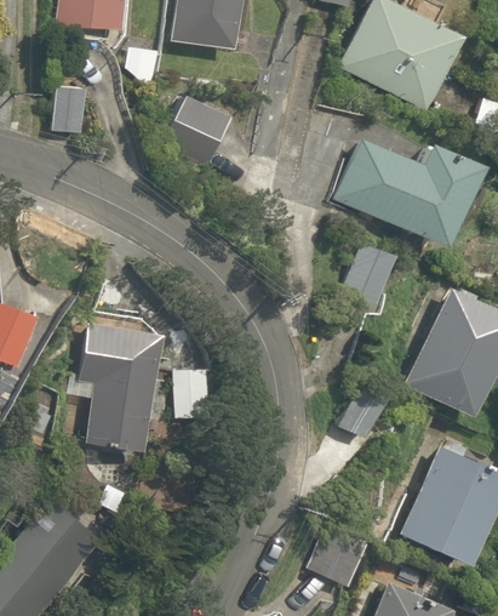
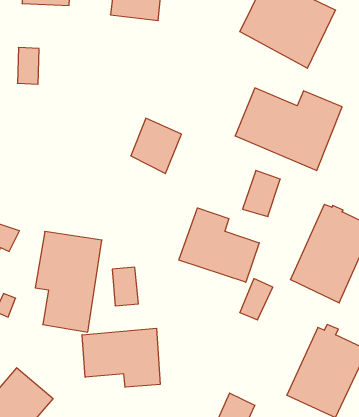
building: [166,96,231,167] -> [131,118,181,174]
building: none -> [179,208,259,282]
building: none -> [82,328,160,387]

